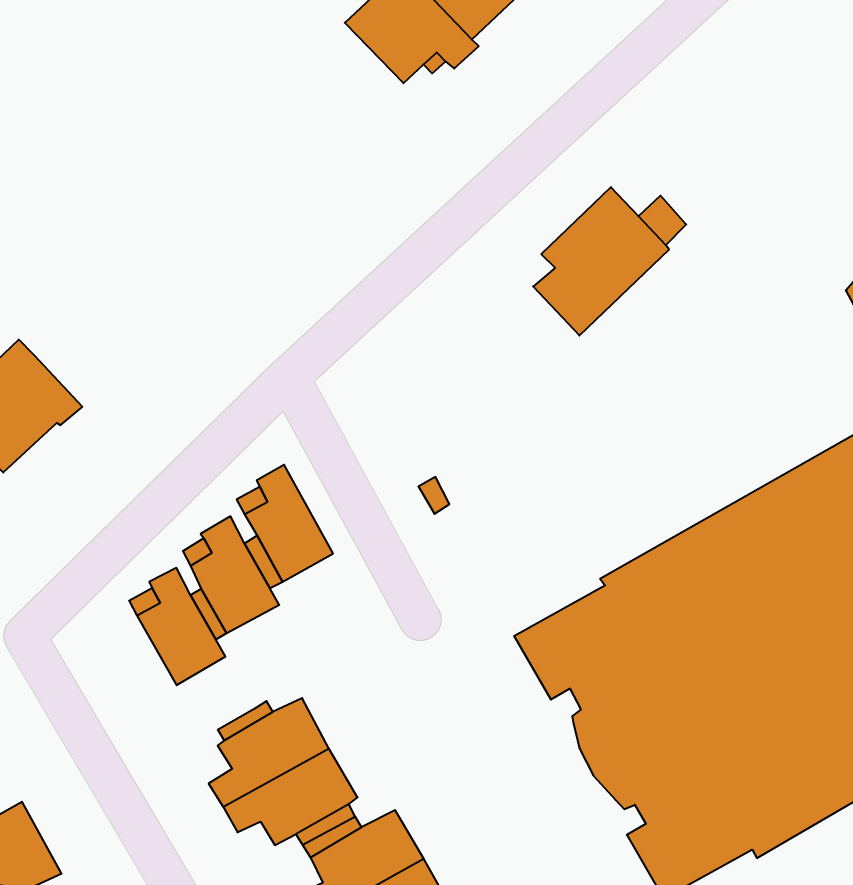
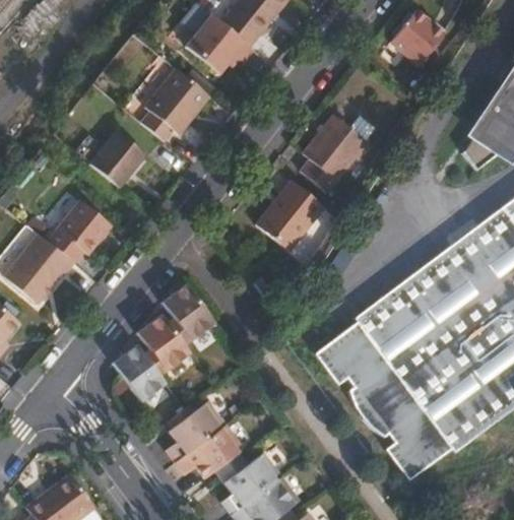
building: none -> [390,9,446,66]
building: none -> [140,68,210,141]
building: none -> [89,130,146,188]
building: none -> [46,199,112,264]
building: none -> [255,180,325,252]

